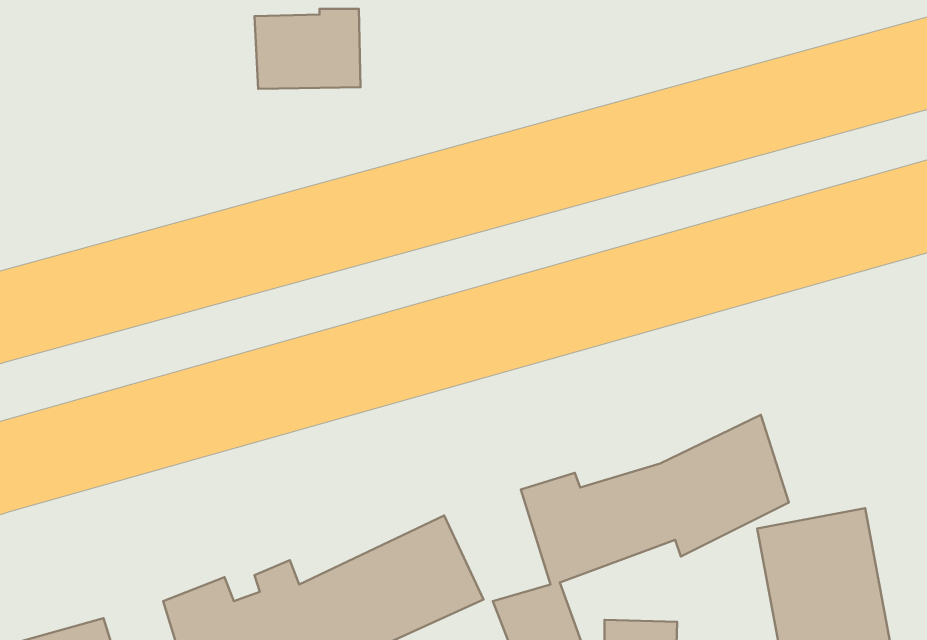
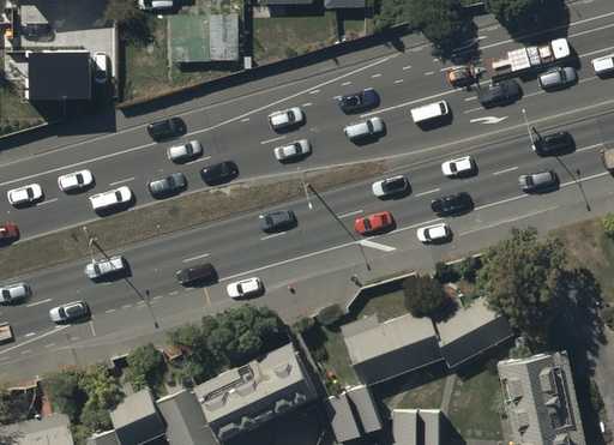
building: none -> [28,52,90,98]

